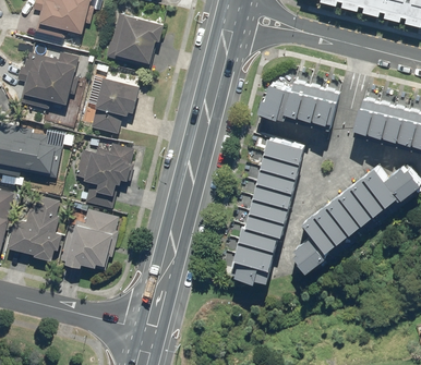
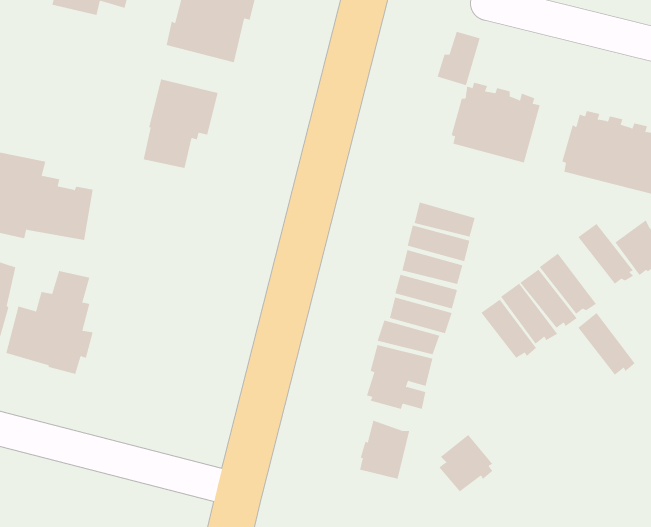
building: [19,52,80,109] -> none
building: [257,84,285,118] -> [437,31,481,86]
building: [264,137,302,161] -> none
building: [76,144,135,208] -> none
building: [350,175,386,215] -> [578,312,636,375]
building: [61,209,120,268] -> none
building: [292,235,326,271] -> [439,434,493,492]
building: none -> [359,420,410,480]

